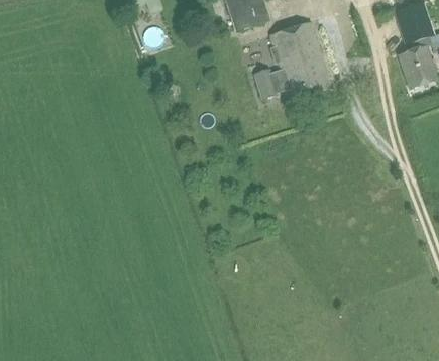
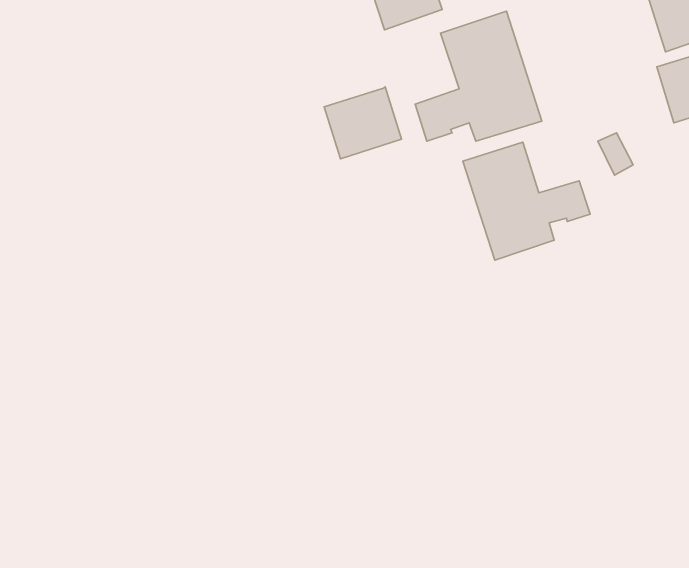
building: none -> [324,87,402,159]
building: none -> [463,142,590,260]

